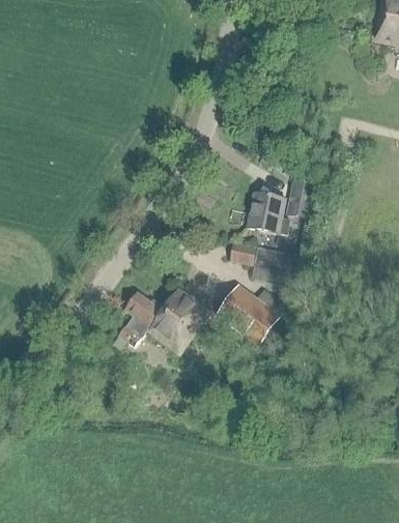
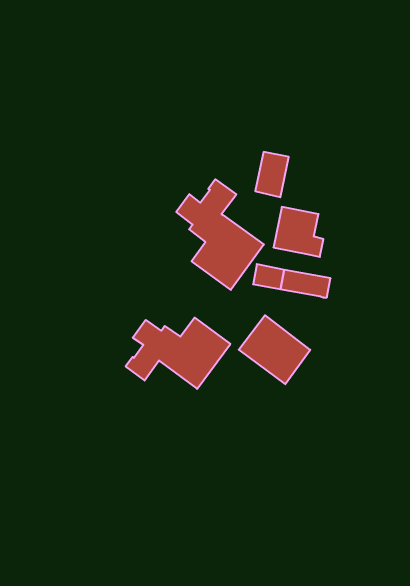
building: none -> [176,179,264,290]
building: [285,180,314,220] -> [255,152,289,197]

